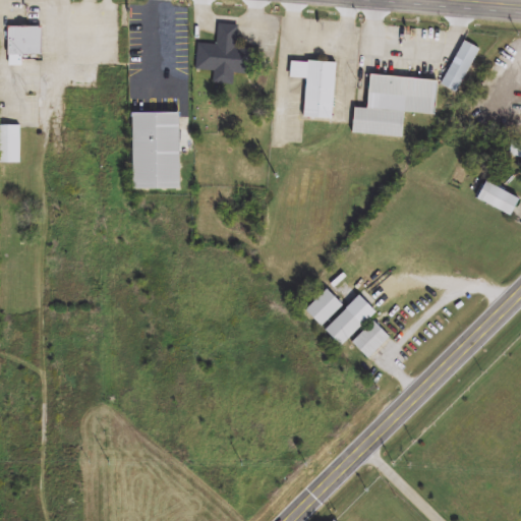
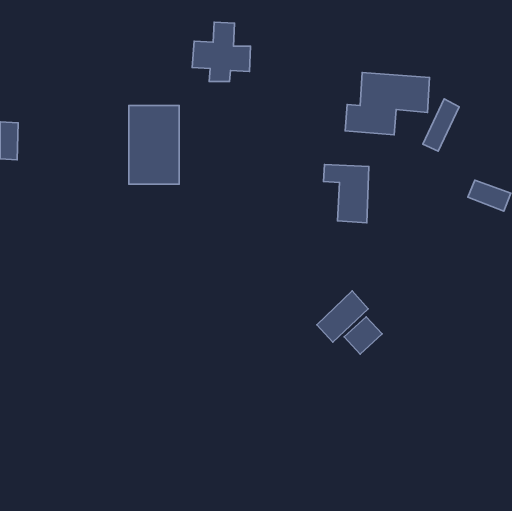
building: [8,22,45,61] -> none
building: [442,39,478,92] -> [423,99,459,151]
building: [289,59,335,118] -> [324,164,369,223]
building: [303,288,342,327] -> none

